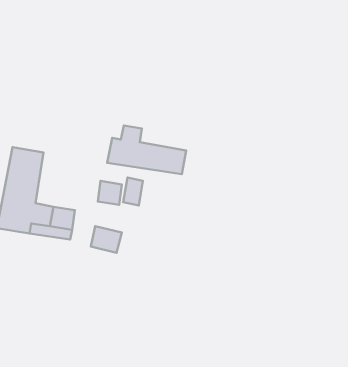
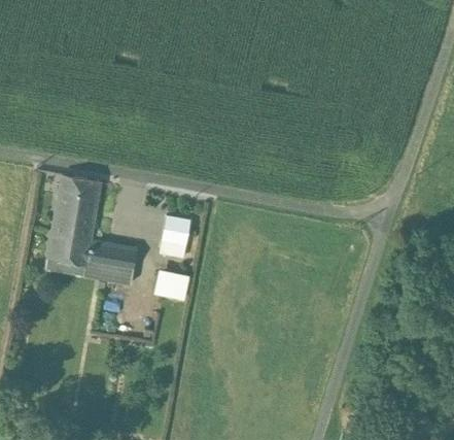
building: [107,125,186,174] -> none
building: [123,177,143,206] -> none

